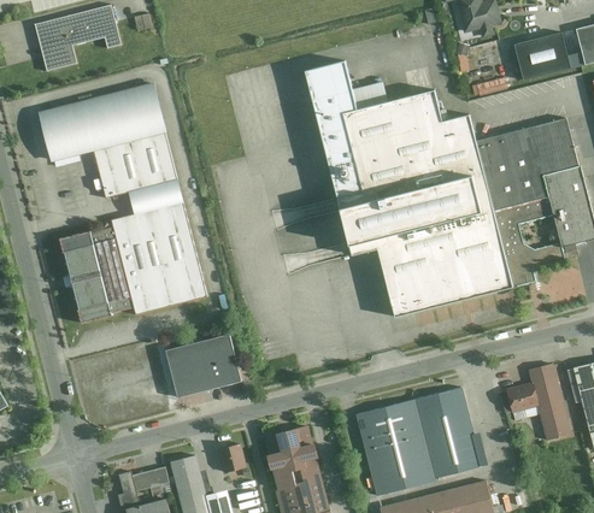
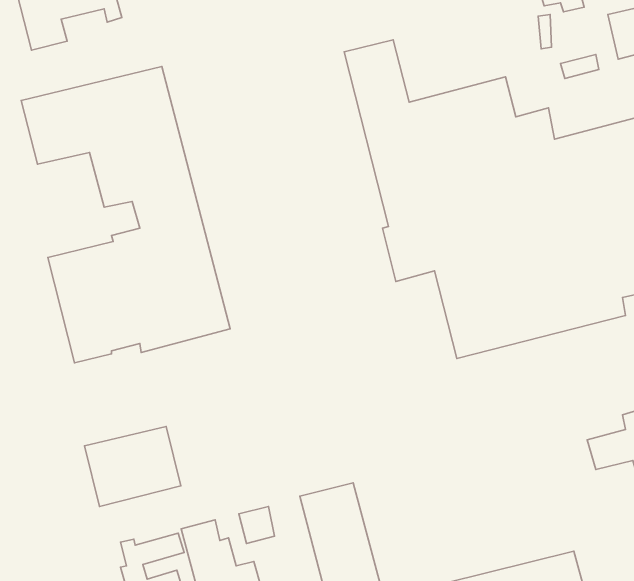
building: [165,337,243,402] -> [85,427,181,507]
building: [357,388,482,495] -> none

